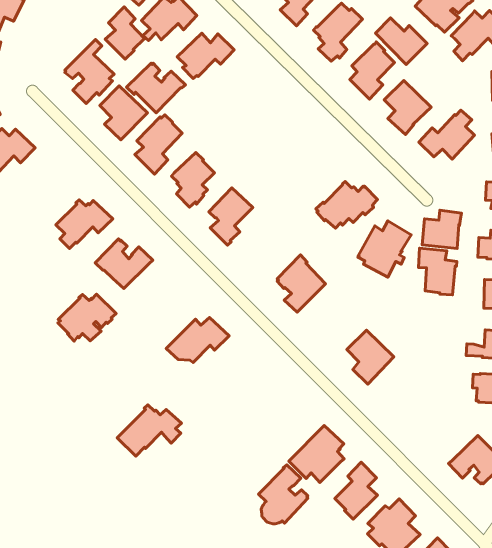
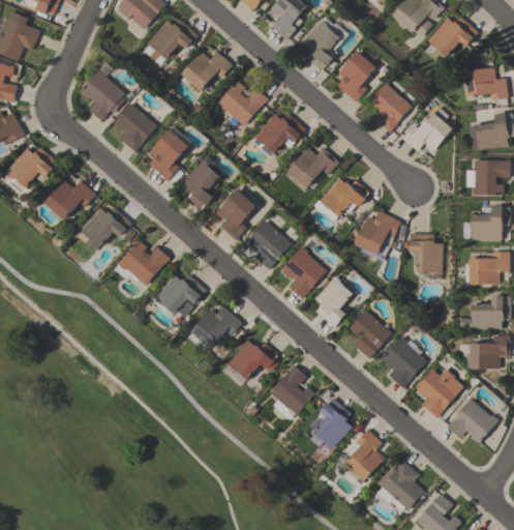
building: [105,7,144,59] -> none
building: [375,18,427,64] -> none
building: [127,63,185,113] -> [215,81,268,125]
building: none -> [252,113,305,156]
building: none -> [288,147,338,187]
building: none -> [44,180,95,219]
building: [422,210,461,248] -> none
building: none -> [248,220,291,269]
building: none -> [314,275,354,327]
building: [58,294,116,341] -> [154,273,206,317]
building: none -> [382,336,425,388]
building: none -> [416,369,463,418]
building: [117,405,181,456] -> [221,340,278,386]
building: [259,465,308,524] -> [269,364,313,418]

